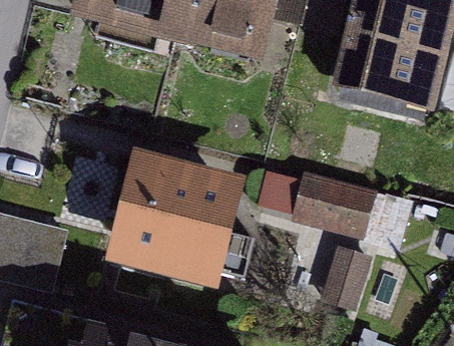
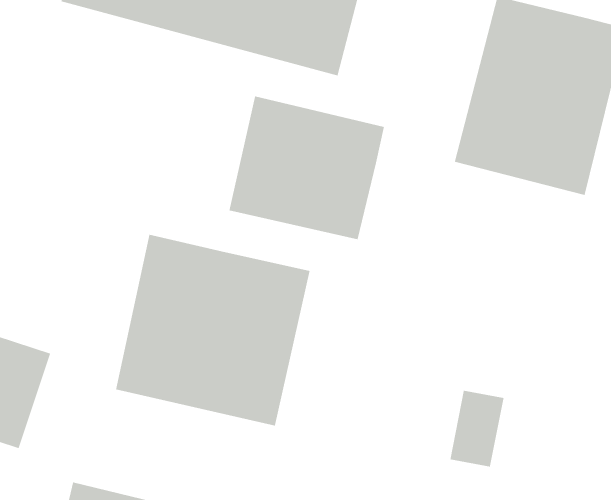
building: none -> [228,95,385,240]
building: [255,160,412,251] -> none

